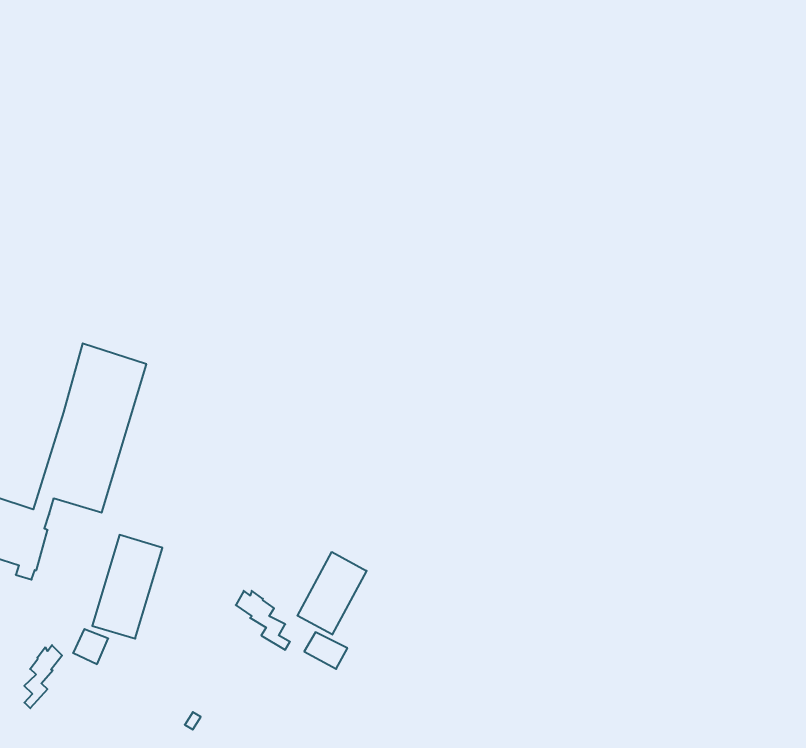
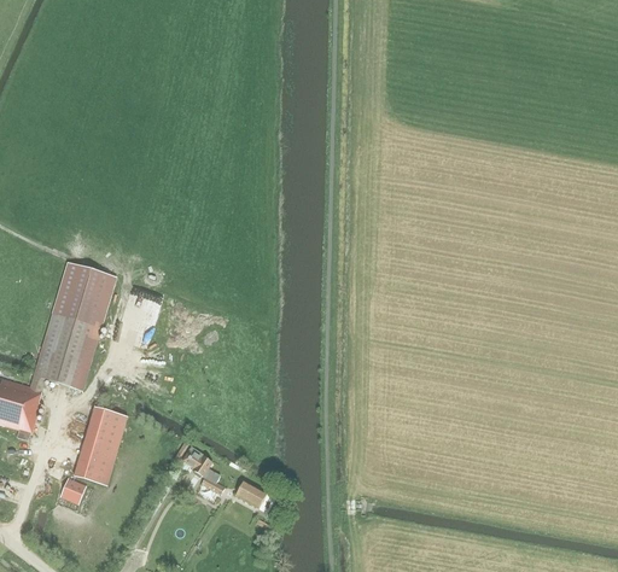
building: [297,552,367,635] -> none
building: [24,645,62,708] -> none

